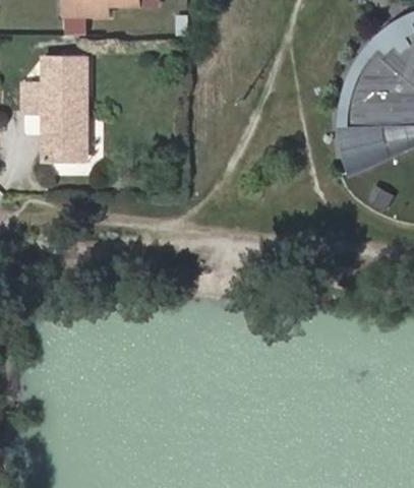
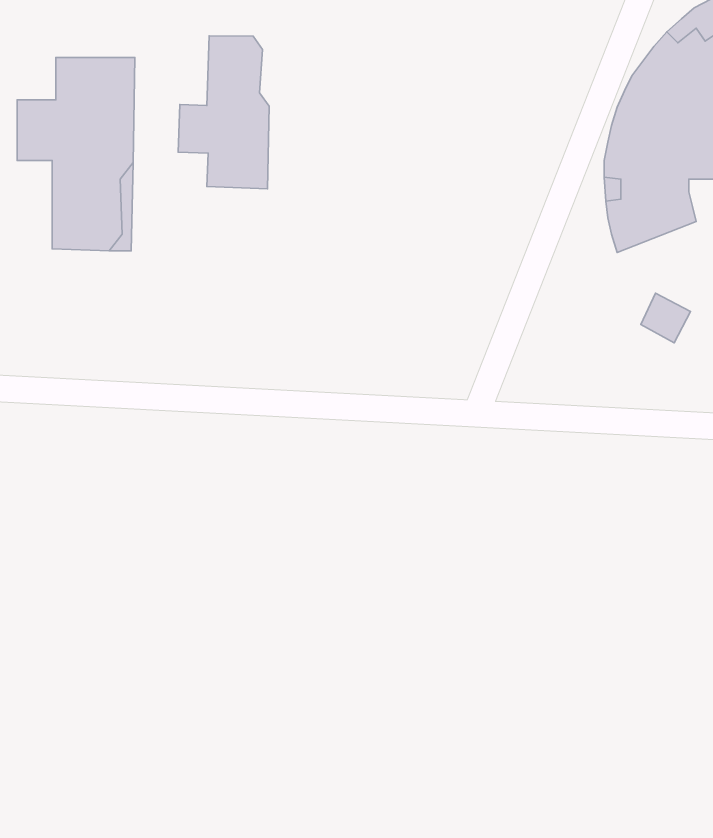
building: none -> [178,36,269,189]

